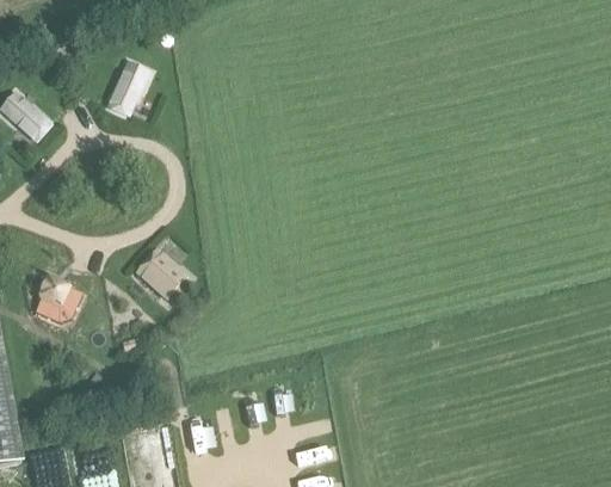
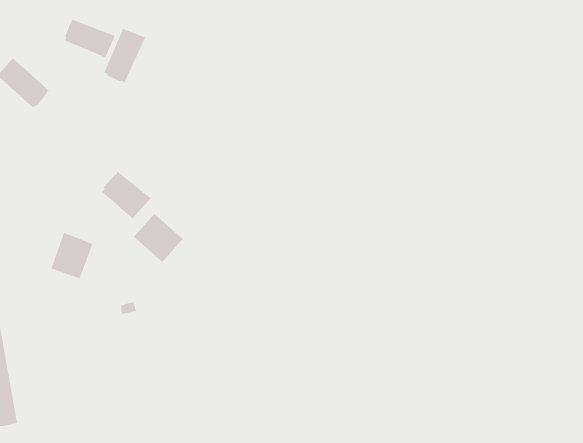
building: none -> [64,19,116,58]
building: none -> [101,171,152,219]

